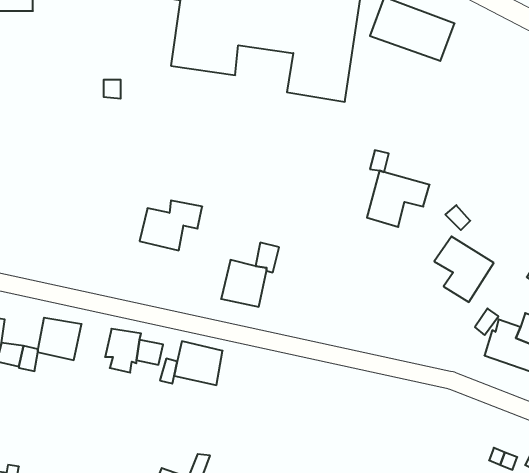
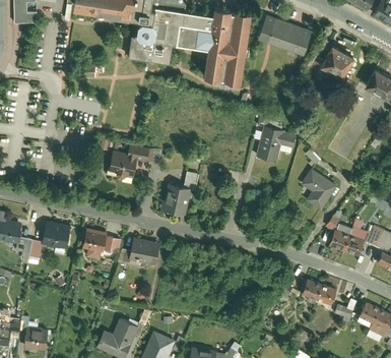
building: none -> [308,43,355,84]
building: none -> [305,278,338,304]

